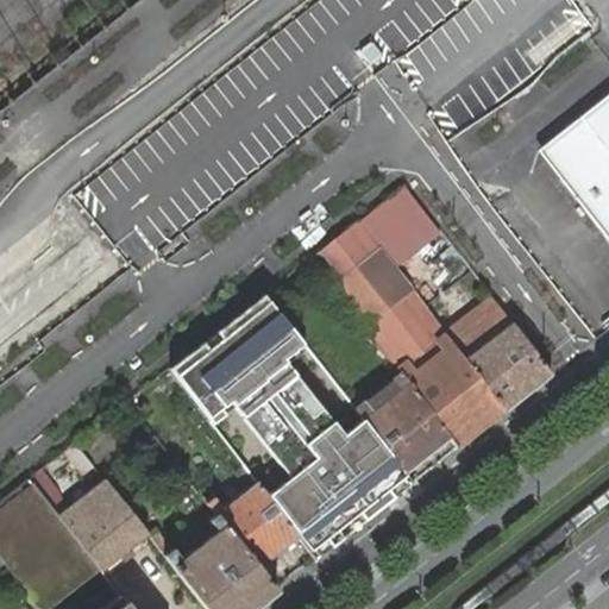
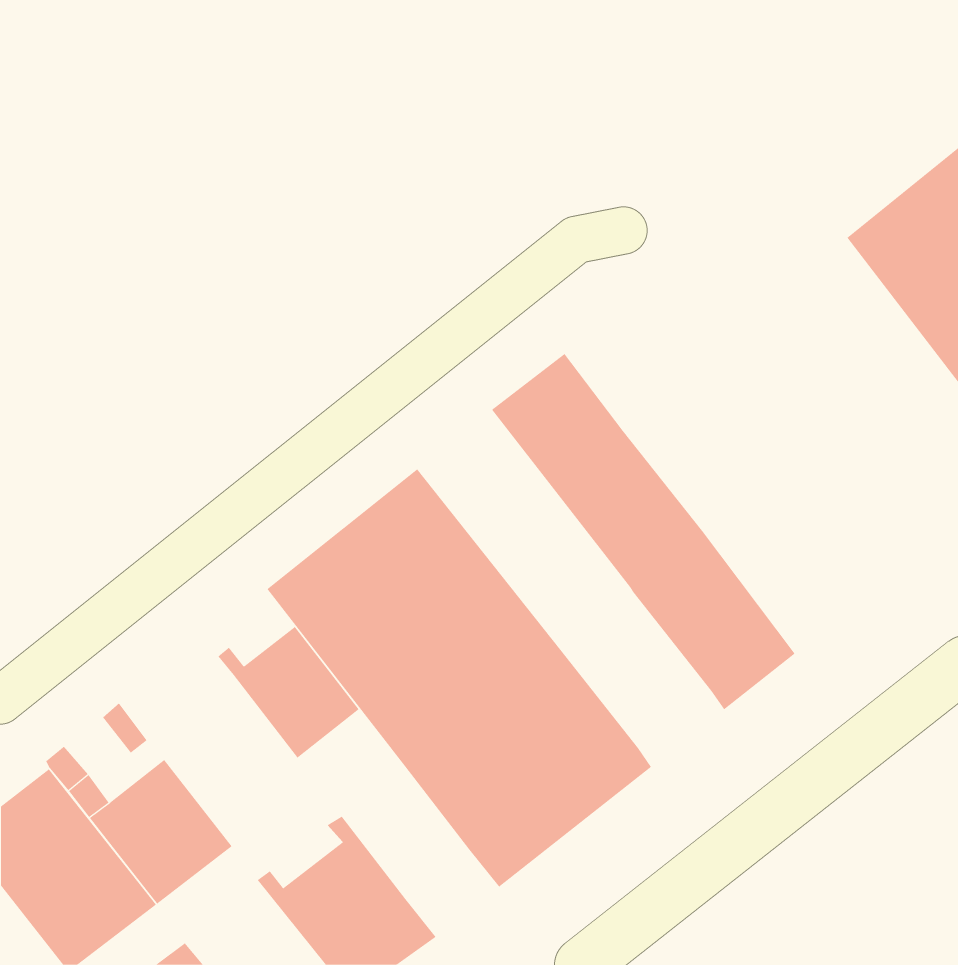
building: [360,186,444,271] -> none
building: [447,297,552,412] -> none
building: [358,373,452,471] -> none
building: [211,483,300,566] -> [218,626,359,758]

